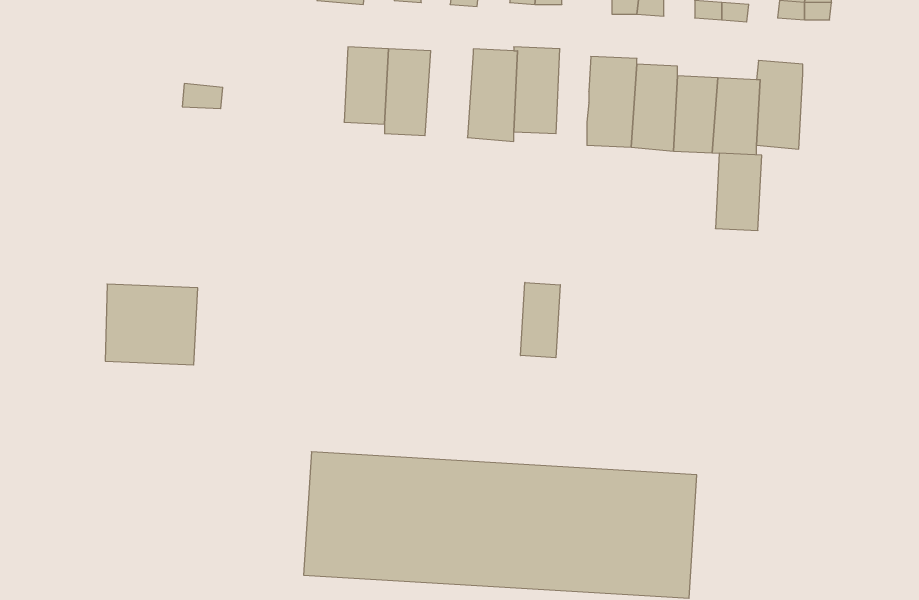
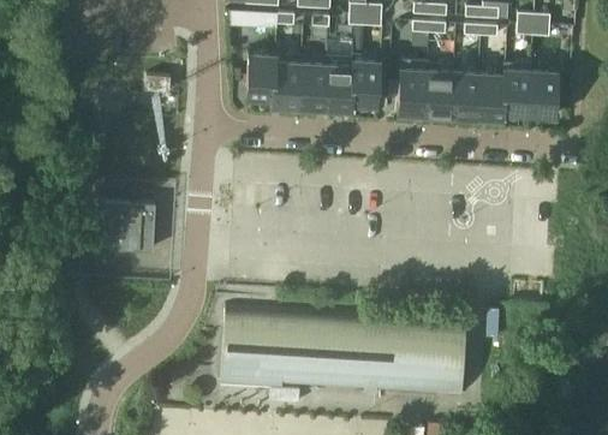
building: none -> [297,56,327,111]
building: [715,153,762,230] -> [530,71,559,119]
building: [521,282,560,358] -> none

